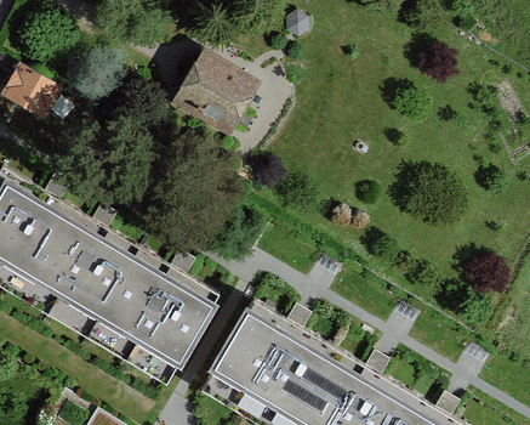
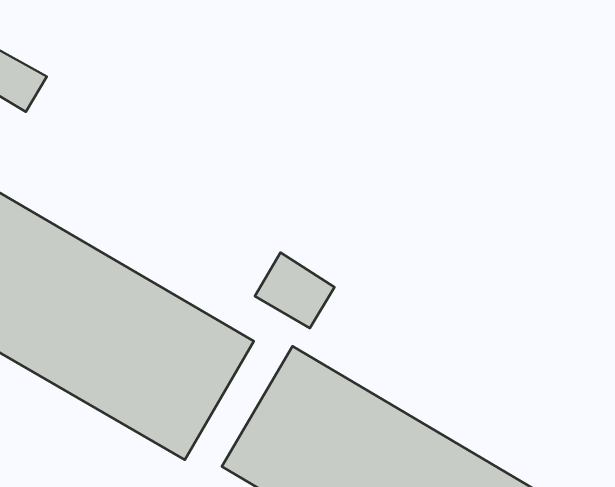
building: [173,50,263,137] -> none
building: none -> [255,252,335,328]

